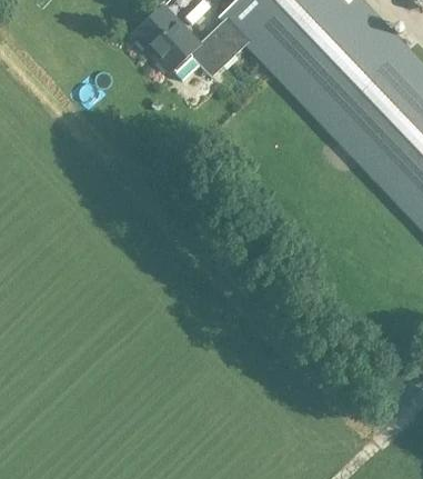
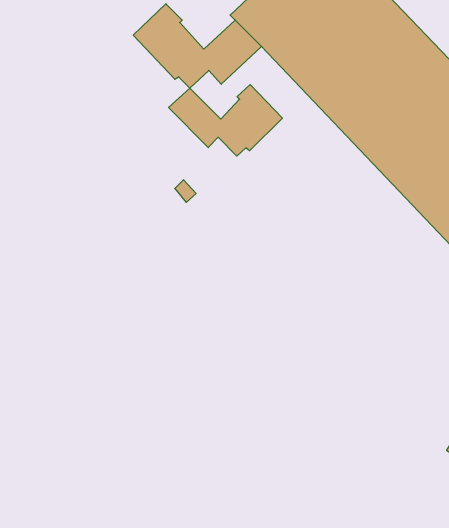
building: none -> [169,85,282,156]

